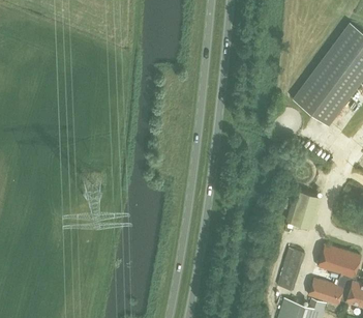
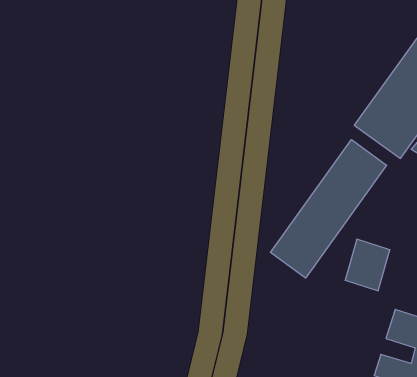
building: none -> [270,140,387,278]
building: [277,249,304,291] -> none

